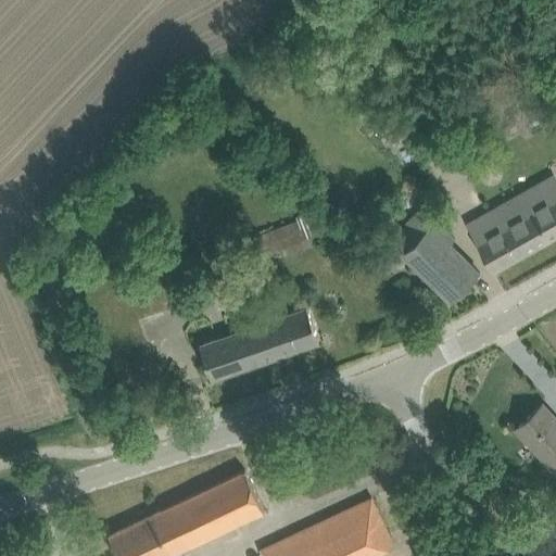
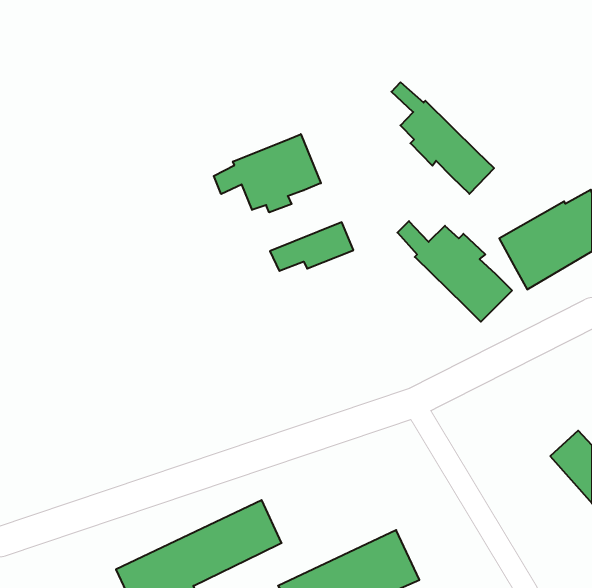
building: none -> [391,82,494,194]
building: none -> [214,134,321,212]
building: [199,306,319,382] -> none

